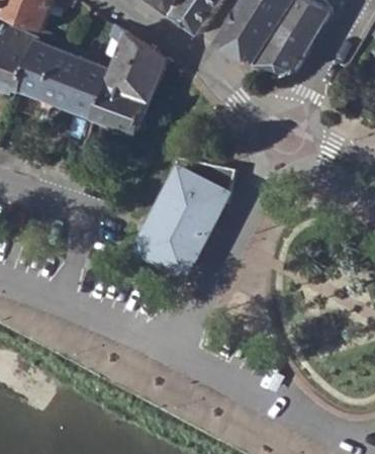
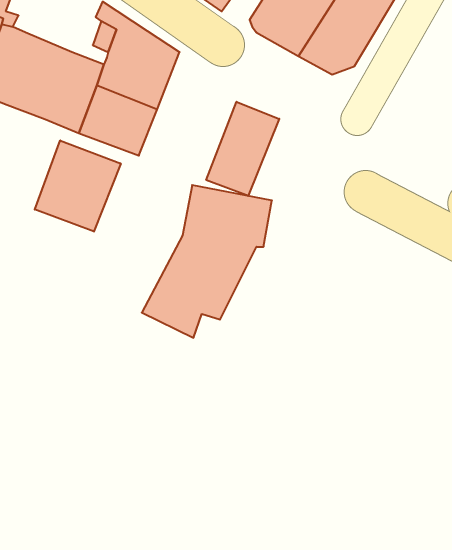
building: none -> [206,102,279,196]
building: none -> [35,140,121,232]

